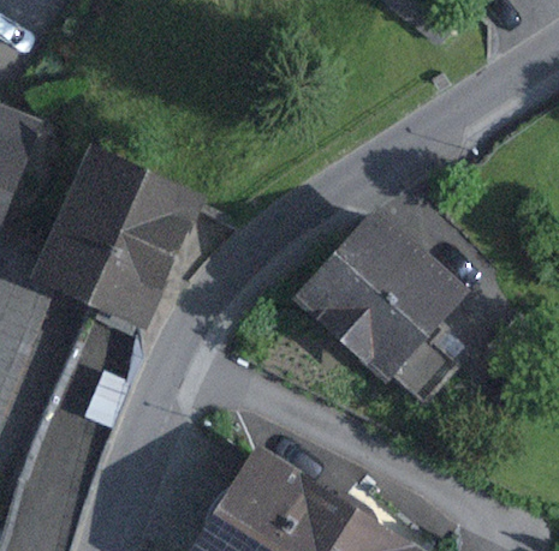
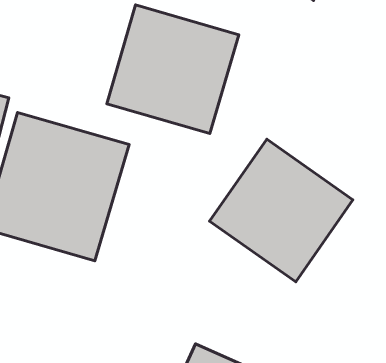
building: none -> [107,5,239,134]

